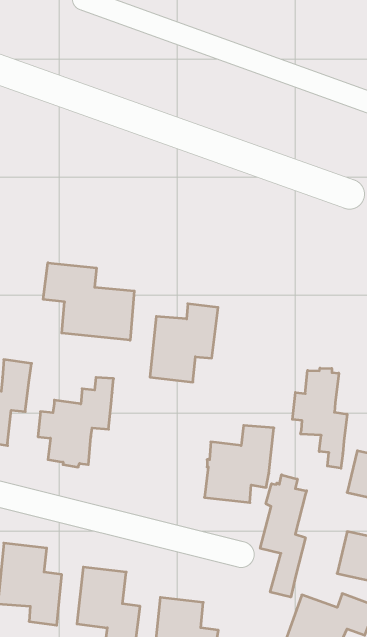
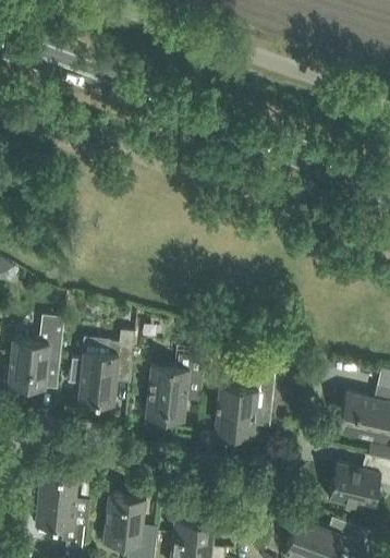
building: [43,263,134,340] -> none
building: [150,304,218,382] -> [145,356,204,424]
building: [292,368,347,468] -> none
building: [260,475,307,597] -> none

